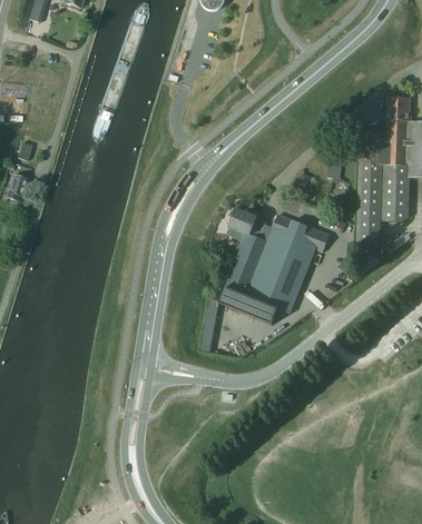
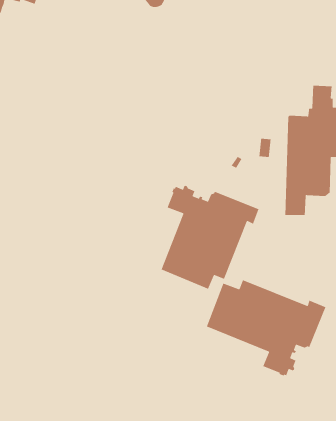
building: none -> [206,279,326,377]

